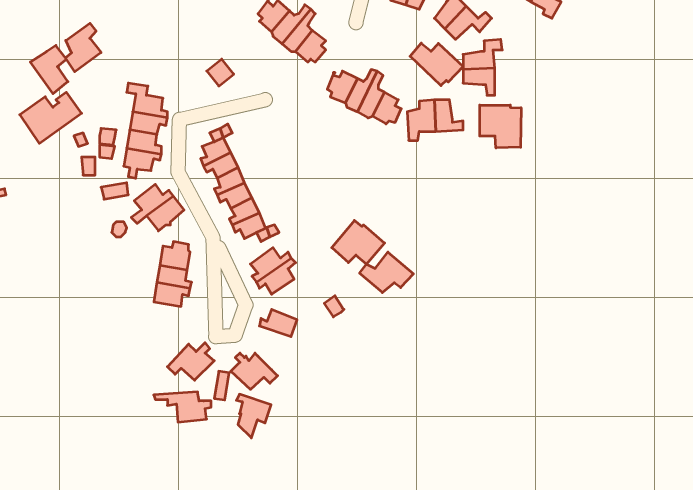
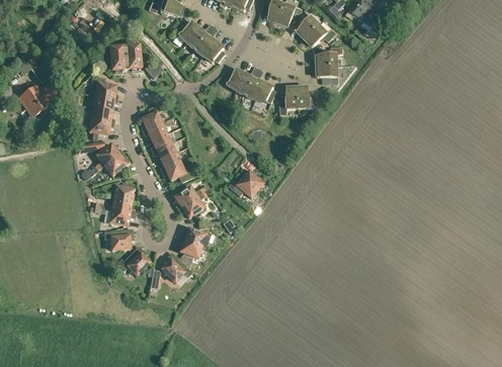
building: [66,23,101,72] -> none
building: none -> [108,45,140,71]
building: [410,43,463,86] -> none
building: [480,105,521,148] -> none
building: [360,252,413,293] -> none
building: [154,392,211,422] -> [94,230,133,250]
building: [236,394,271,438] -> [177,239,200,268]

